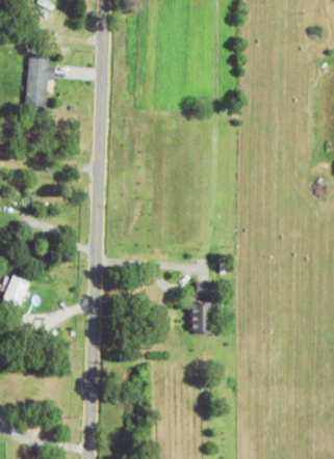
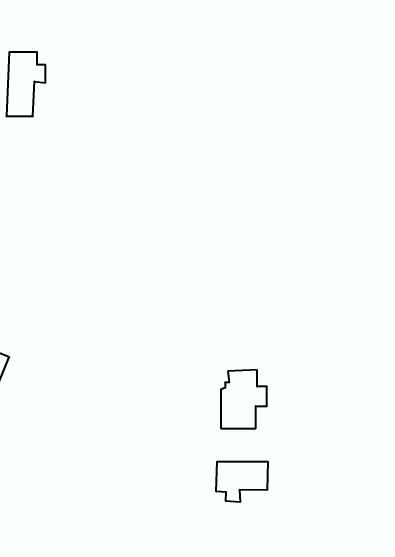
building: none -> [216,462,268,502]

